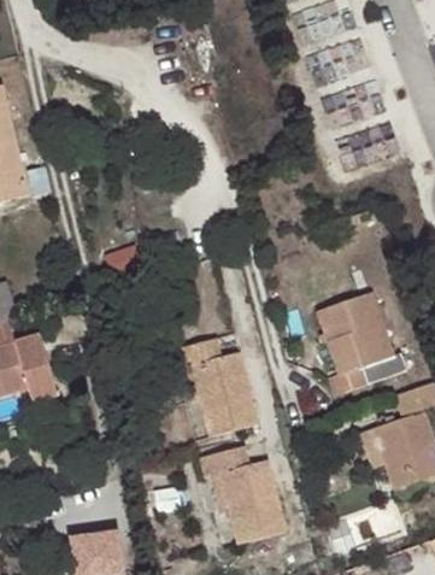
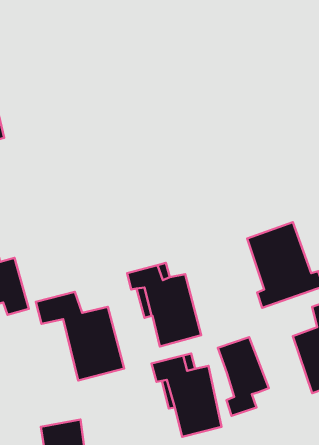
building: none -> [36,292,124,381]
building: none -> [218,337,269,416]

